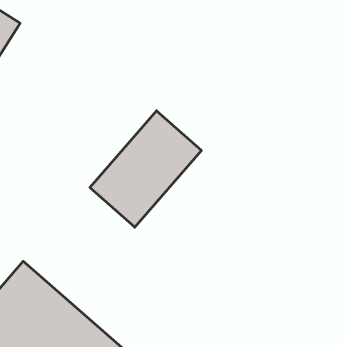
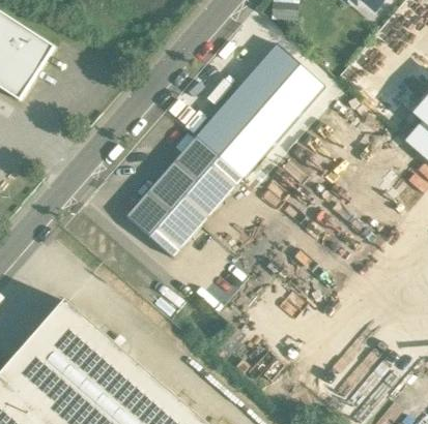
building: none -> [196,48,320,177]

